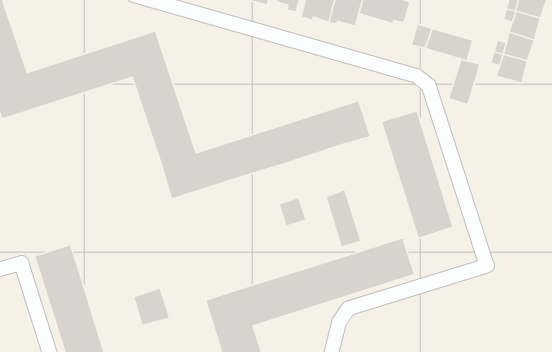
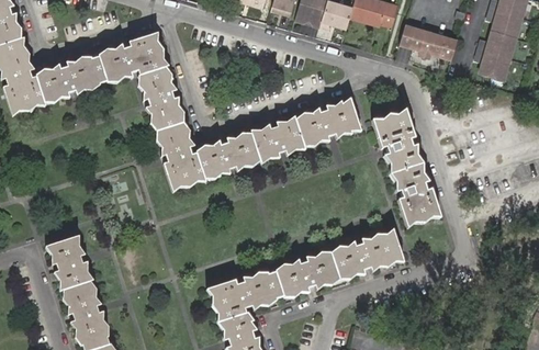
building: [448,59,480,105] -> none
building: [326,190,361,247] -> none
building: [279,197,306,226] -> none
building: [134,288,170,325] -> none

